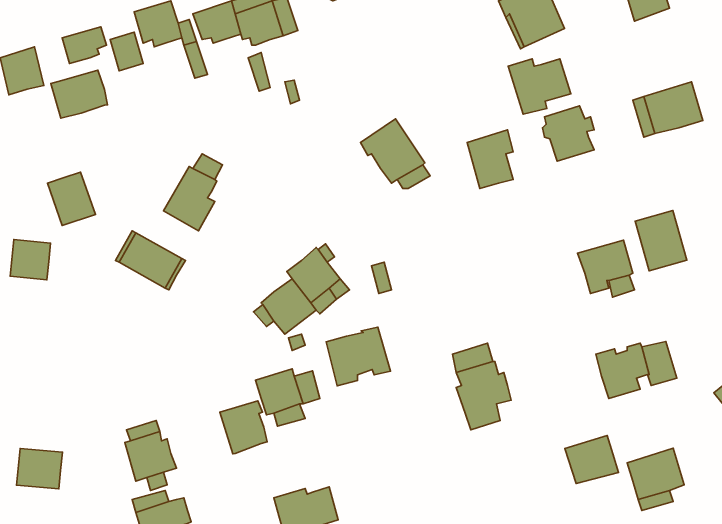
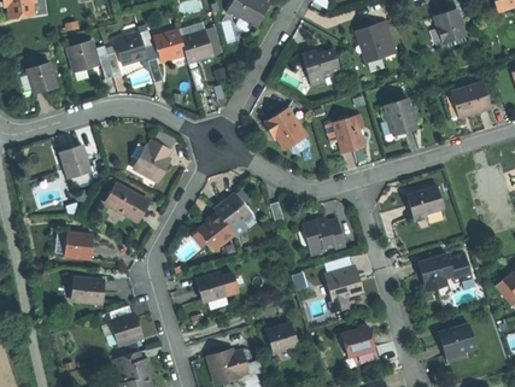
building: [508,59,571,114] -> [304,51,345,87]
building: [51,70,108,118] -> none
building: [635,210,687,271] -> none
building: [10,239,51,280] -> [65,230,92,257]
building: [326,327,391,386] -> [304,218,346,257]
building: [220,401,267,454] -> none
building: [565,436,618,483] -> [343,323,378,354]
building: none -> [268,319,299,351]
building: [16,448,62,489] -> [75,276,105,303]

